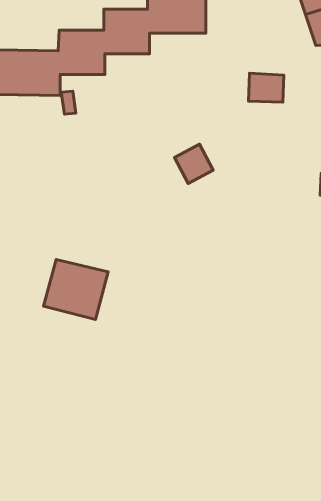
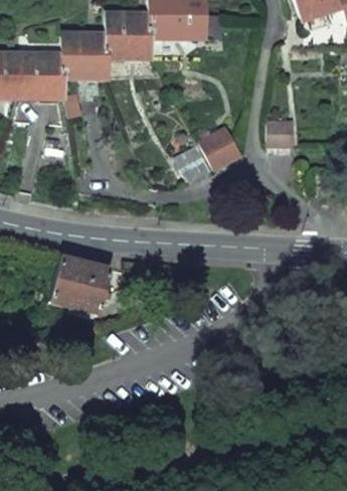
building: [249,73,284,102] -> [268,119,302,147]
building: none -> [200,126,242,168]

